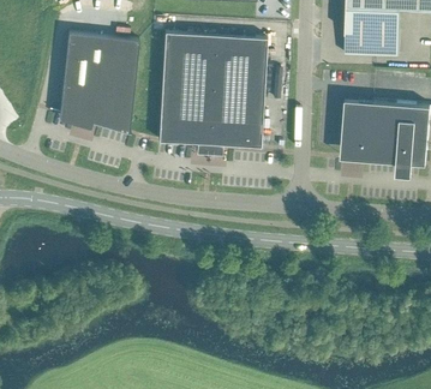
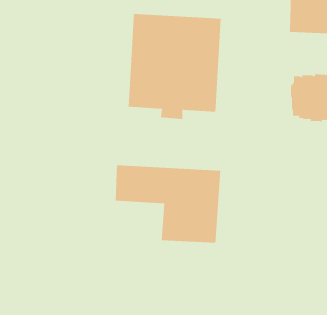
building: [49,32,138,133] -> none
building: none -> [115,164,221,243]

